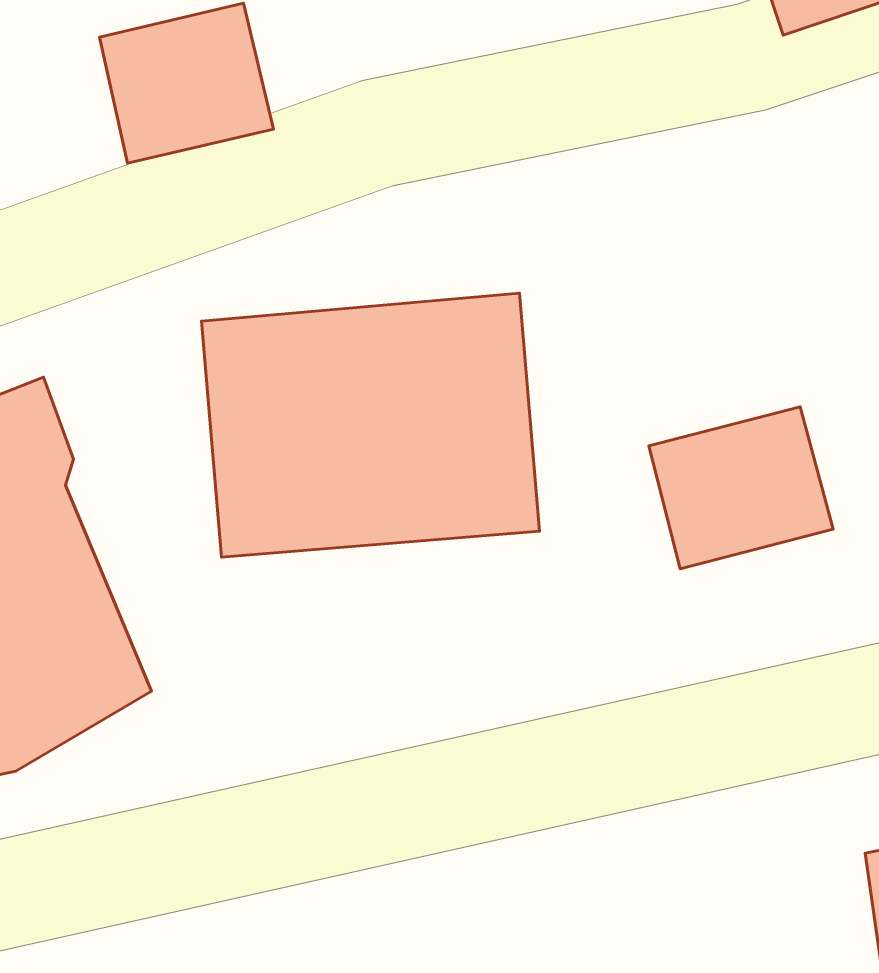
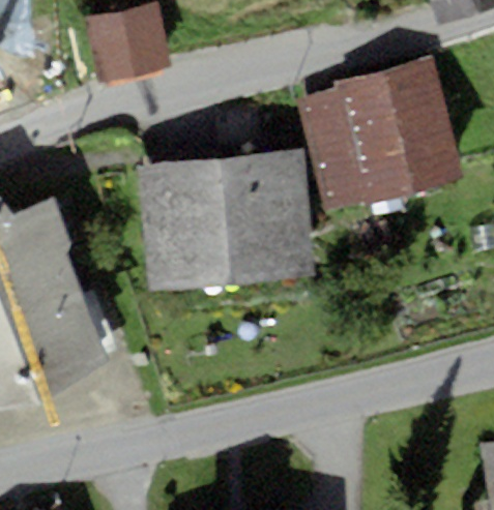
building: none -> [295,53,464,206]
building: [649,407,833,569] -> none

